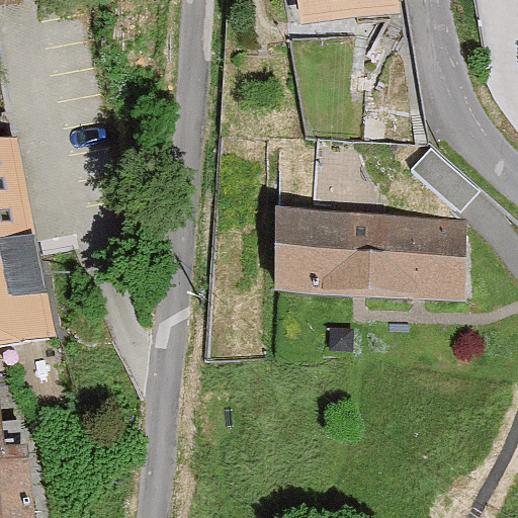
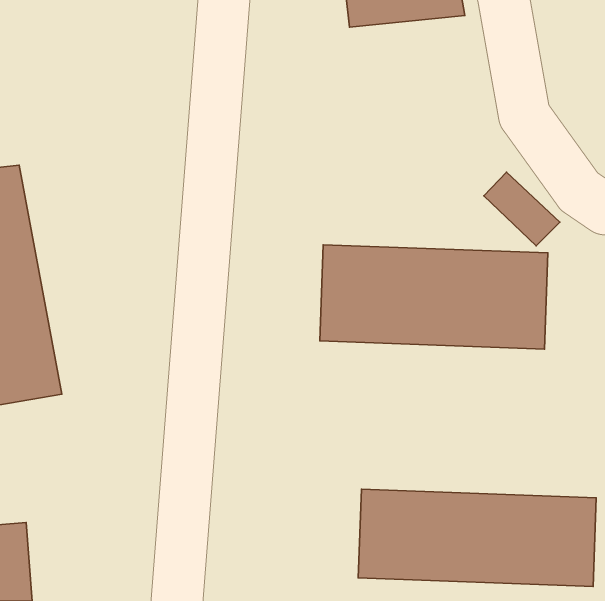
building: none -> [358,489,596,586]

